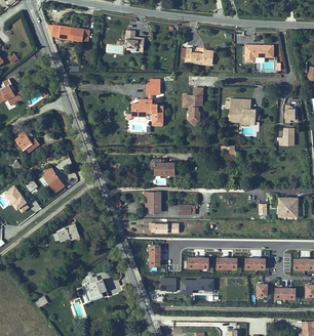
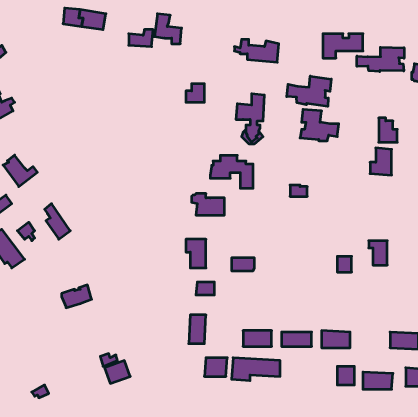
building: none -> [357,47,404,72]
building: none -> [287,76,331,106]
building: [132,100,163,124] -> [210,155,253,188]

